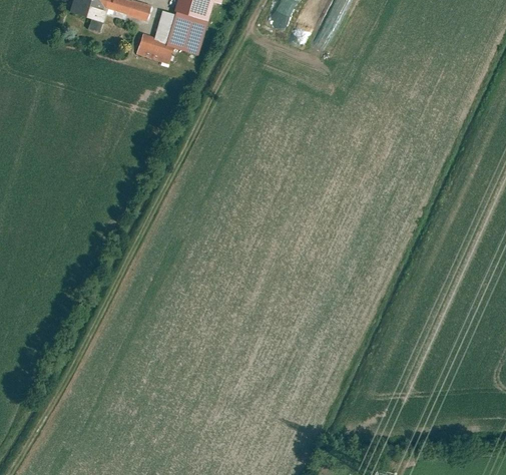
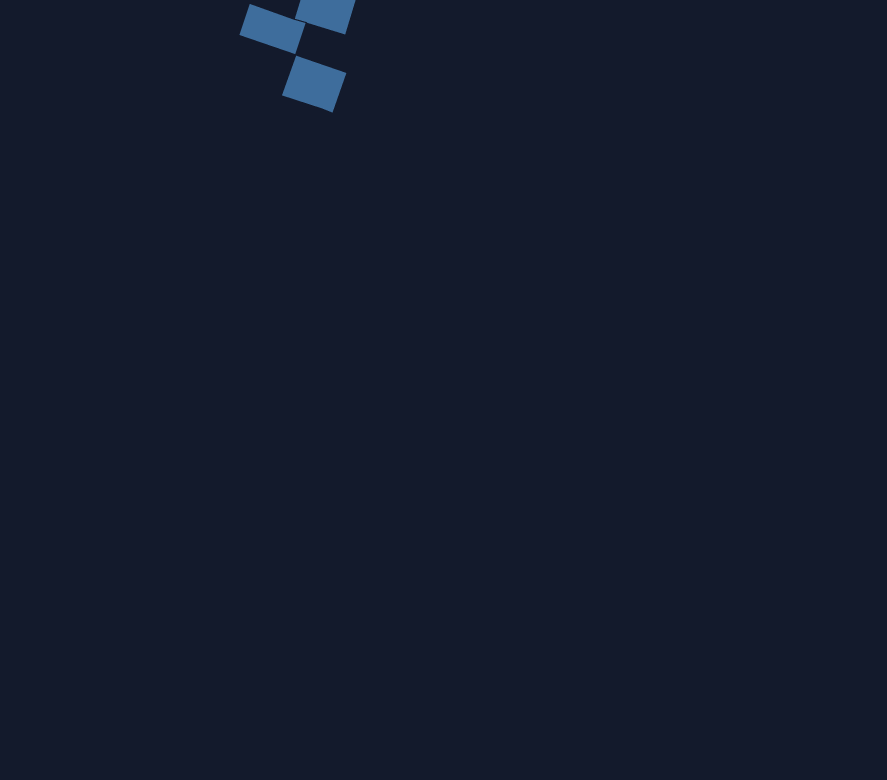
building: none -> [281,55,347,114]

